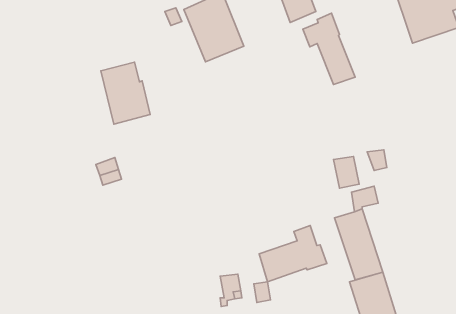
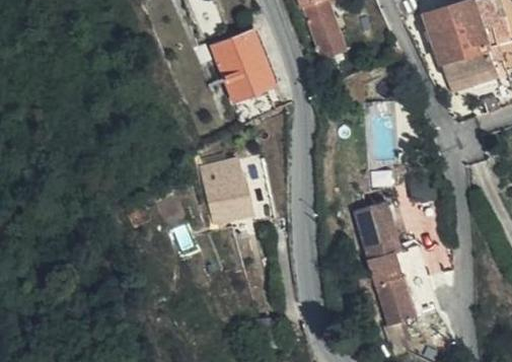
building: [303,13,355,85] -> none
building: [101,62,150,124] -> [201,159,251,223]
building: [259,226,327,282] -> none

